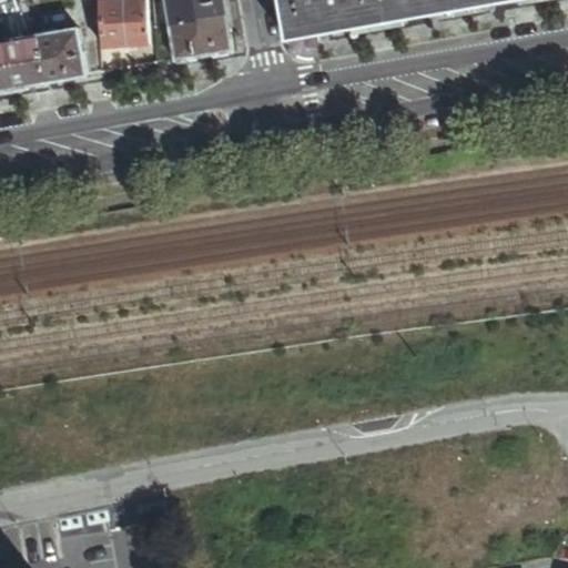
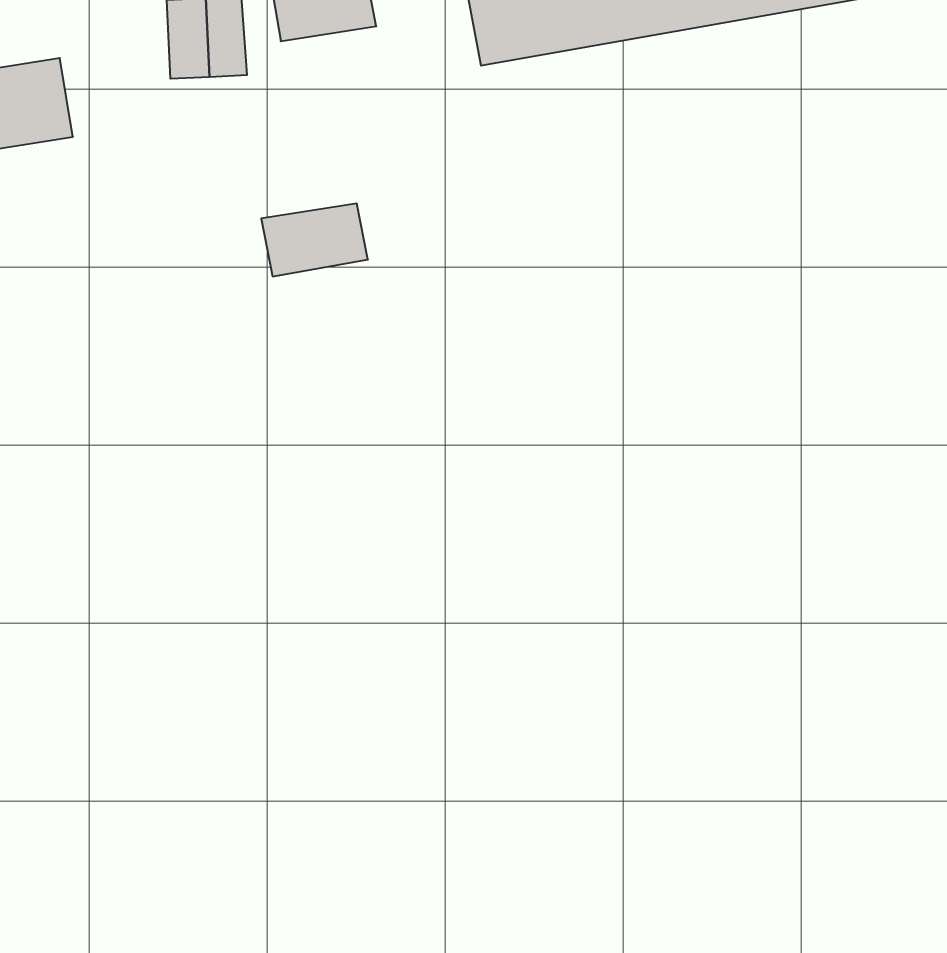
building: [166,16,230,59] -> [261,203,368,276]
building: [36,27,84,81] -> none

